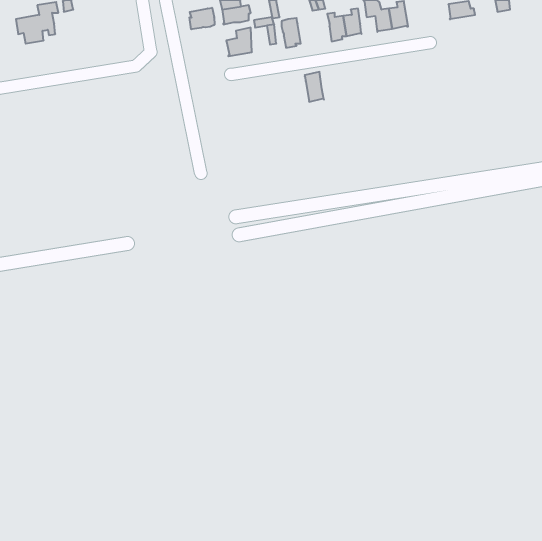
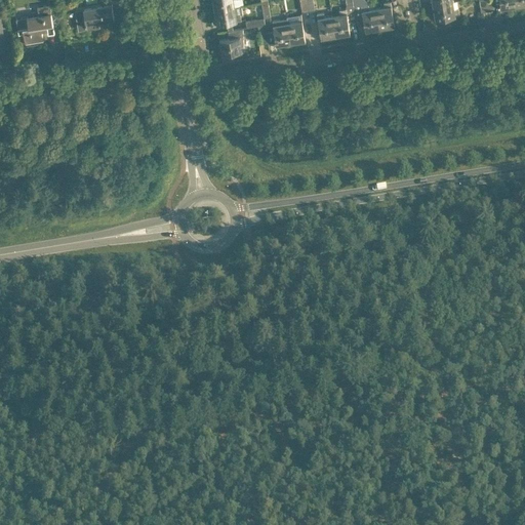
building: none -> [76,6,113,30]
building: [189,8,214,29] -> none
building: [305,72,324,102] -> [286,15,305,44]

